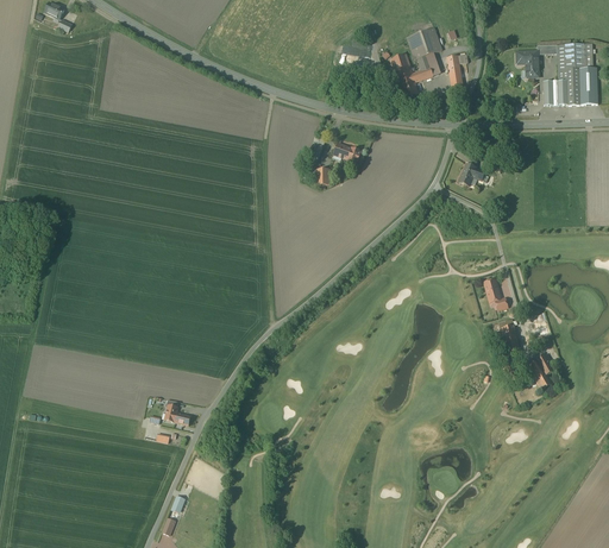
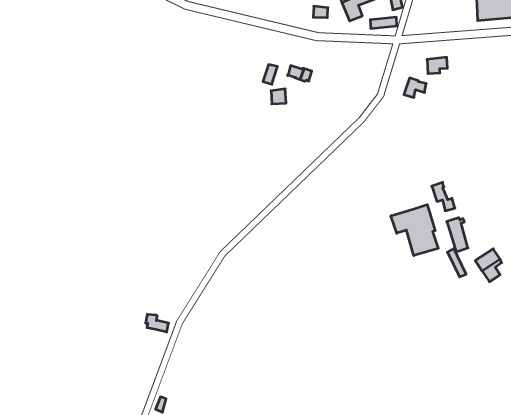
building: none -> [391,205,438,256]

